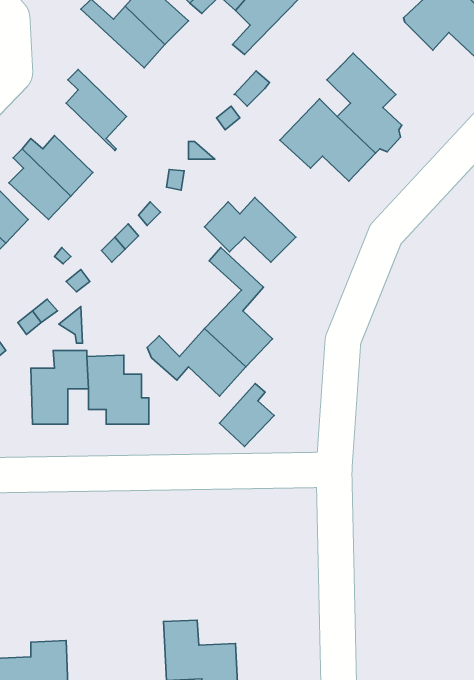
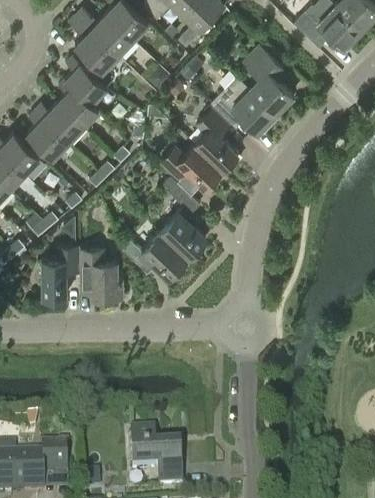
building: none -> [70,16,119,72]
building: none -> [58,80,99,127]
building: none -> [194,109,239,171]
building: [220,383,274,446] -> none

